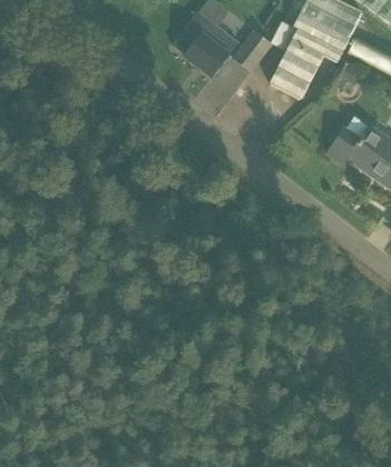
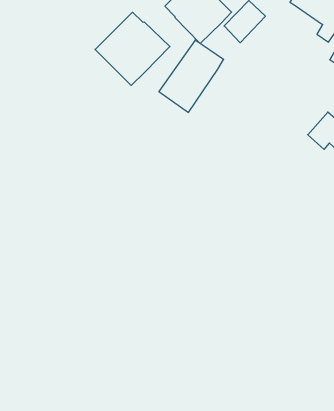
building: [270,27,329,98] -> [159,40,224,112]
building: none -> [95,12,170,85]

